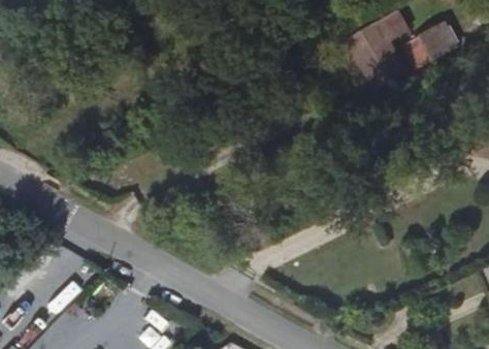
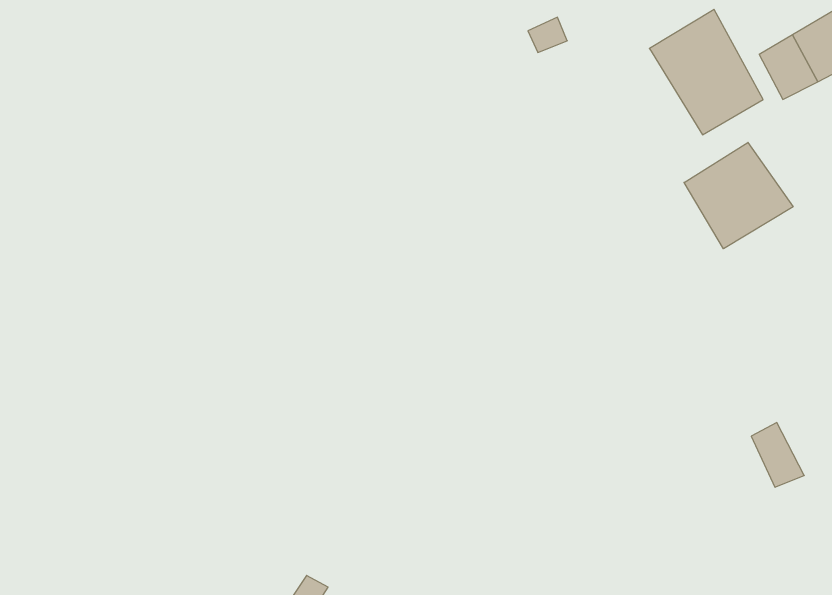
building: none -> [684,142,793,249]

